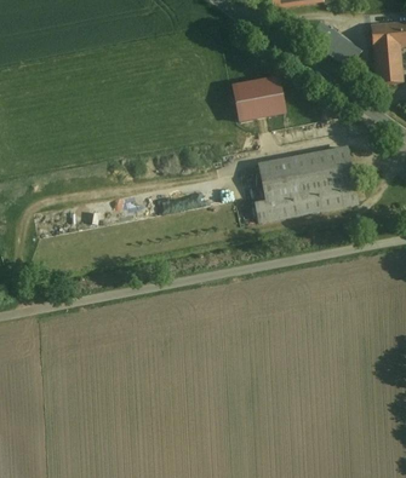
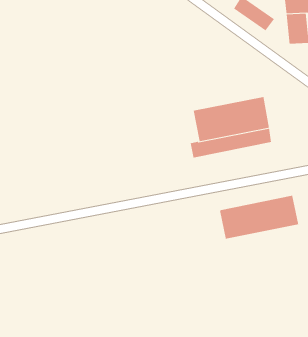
building: [231,74,286,120] -> none
building: none -> [219,195,299,240]

